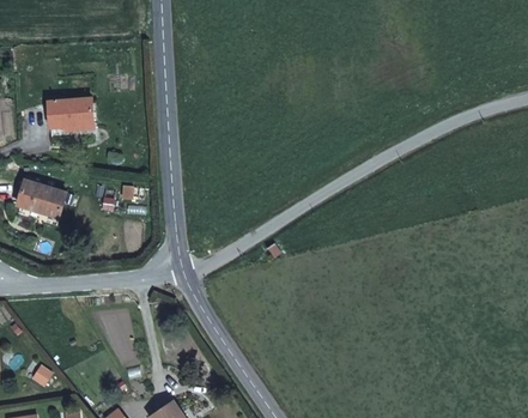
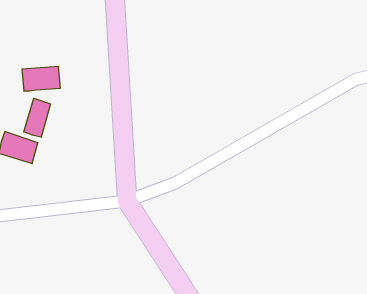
building: none -> [24,98,50,137]

